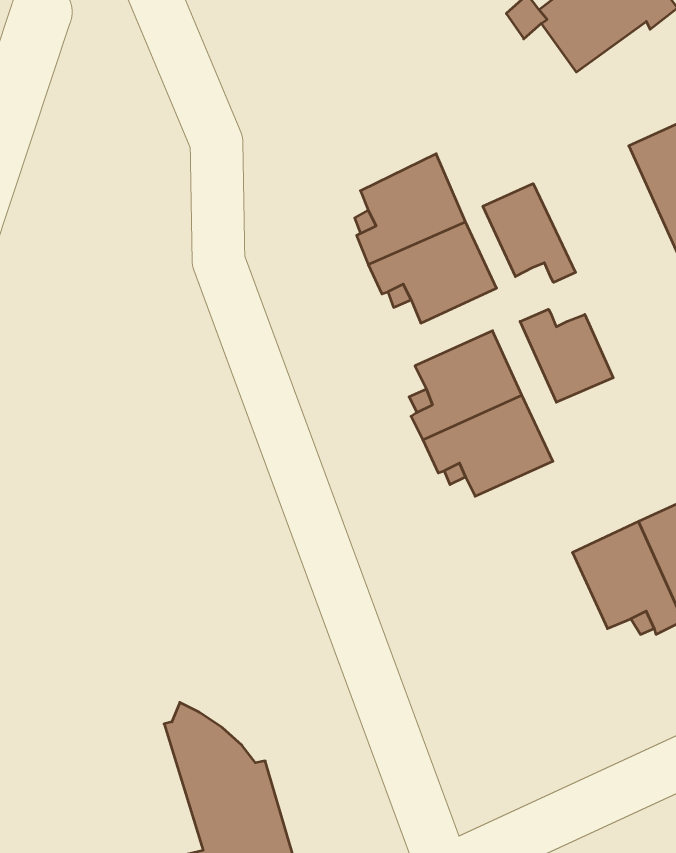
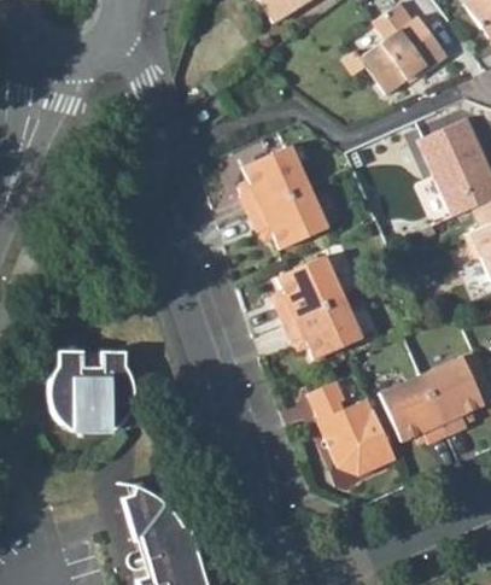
building: [483,184,576,282] -> none
building: [520,309,613,402] -> none
building: none -> [47,346,124,428]
building: none -> [309,378,397,475]

